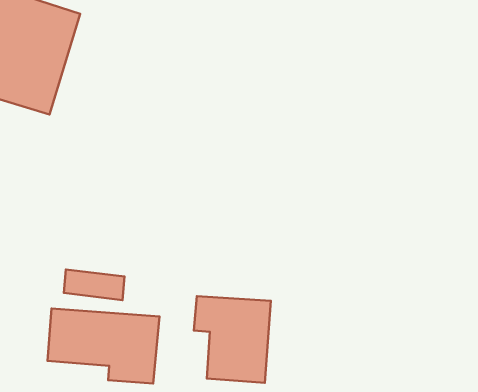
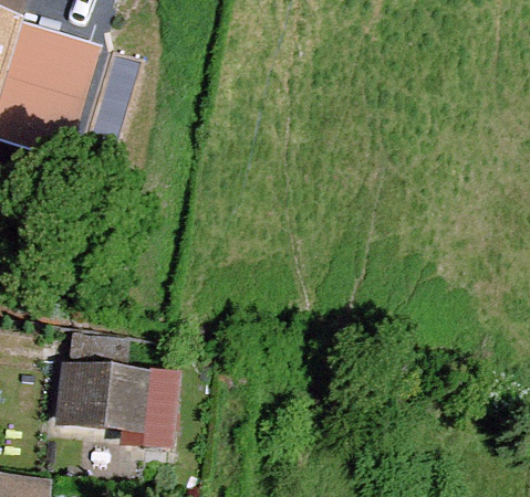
building: [194,296,271,383] -> none

